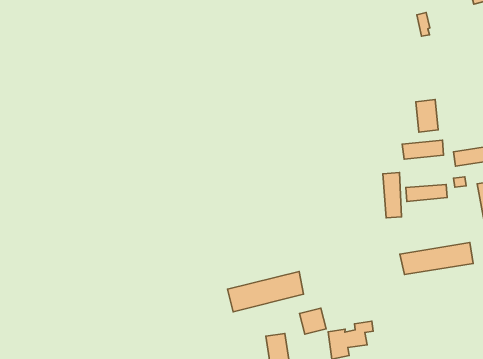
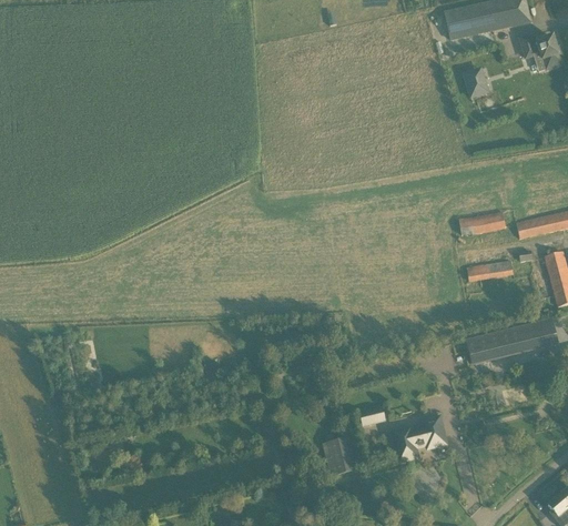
building: [416,100,438,132] -> none
building: [383,172,402,218] -> none
building: [227,272,304,312] -> none

